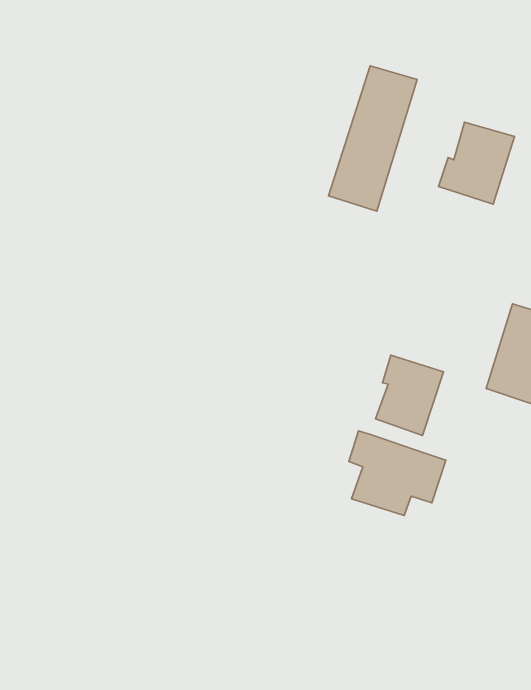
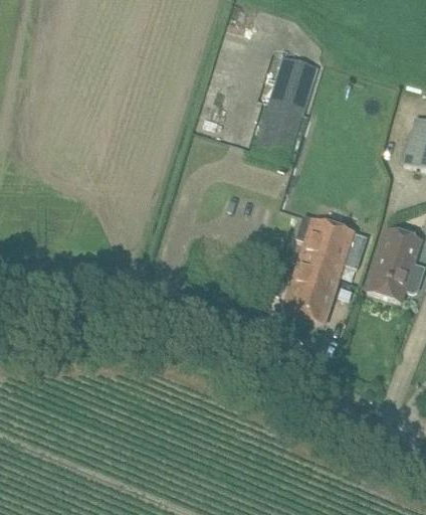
building: [438,122,514,204] -> none
building: [349,431,446,515] -> [297,215,368,277]

